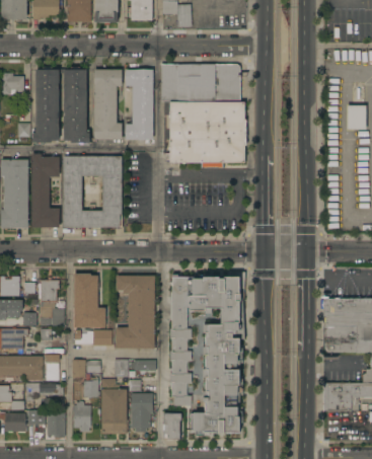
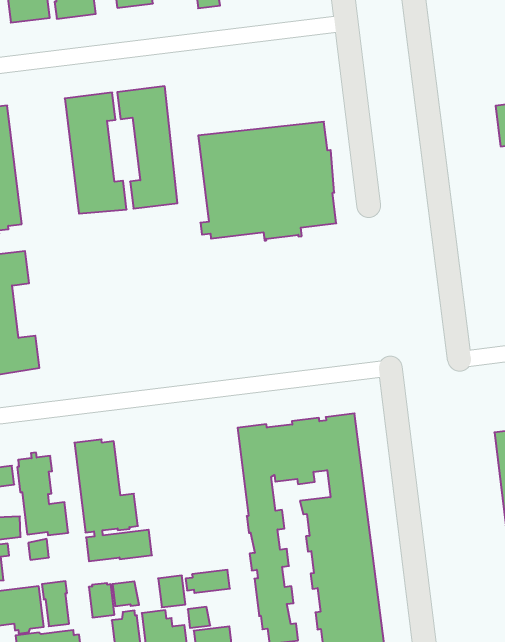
building: [161,64,240,101] -> none
building: [63,67,89,145] -> none
building: [62,156,122,227] -> none
building: [115,276,156,349] -> none

